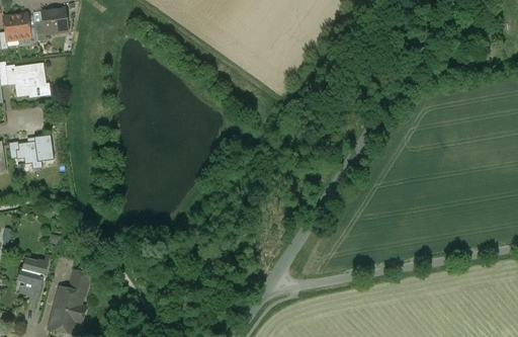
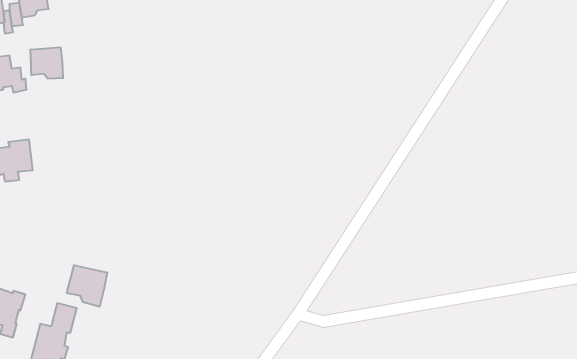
building: none -> [30,47,63,79]
building: none -> [67,265,107,307]

